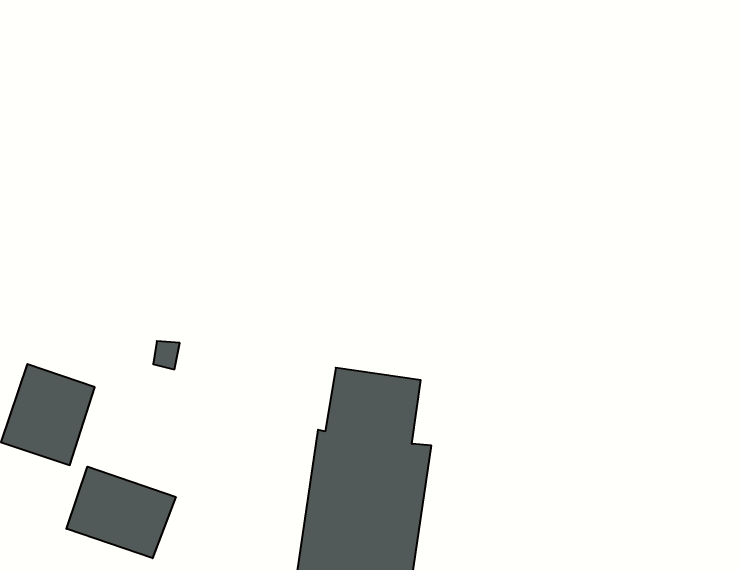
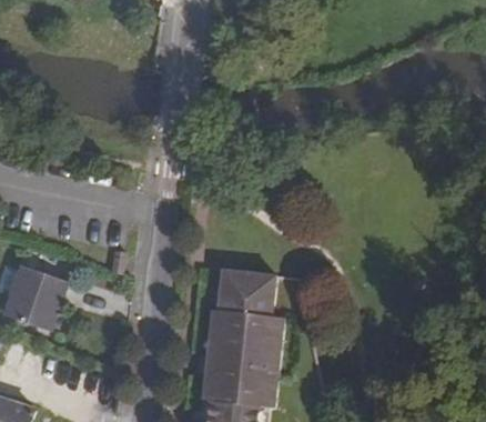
building: [66,467,176,558] -> none

